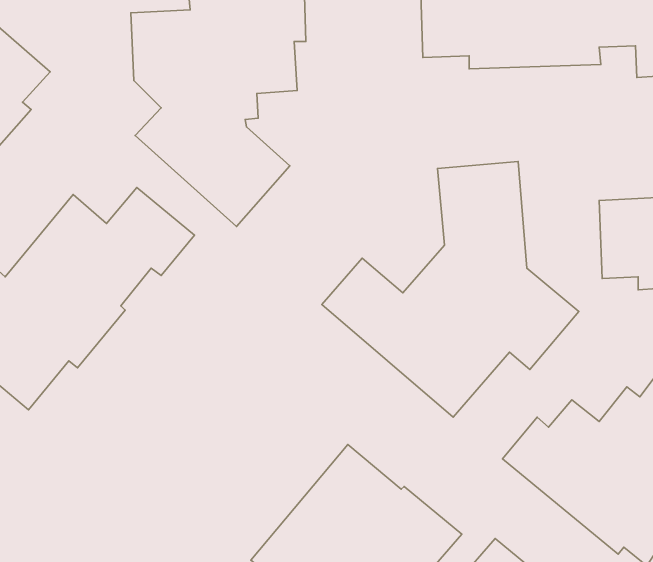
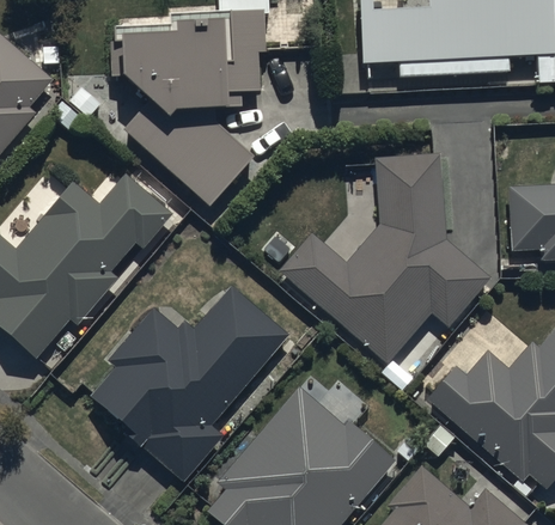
building: none -> [89,285,287,480]

